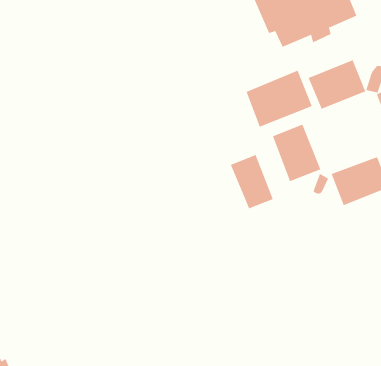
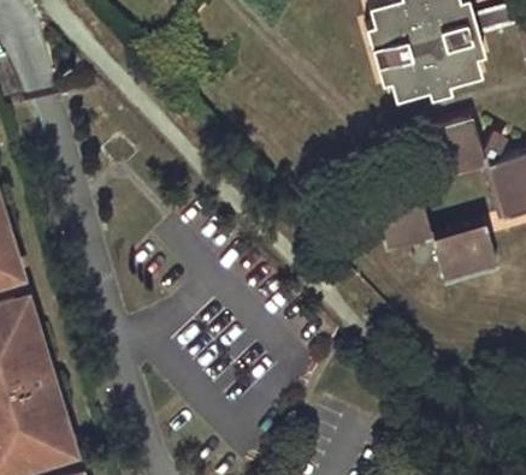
building: [246,70,312,127] -> none
building: [230,154,274,209] -> none

